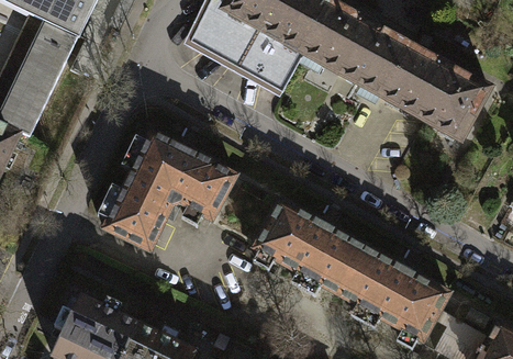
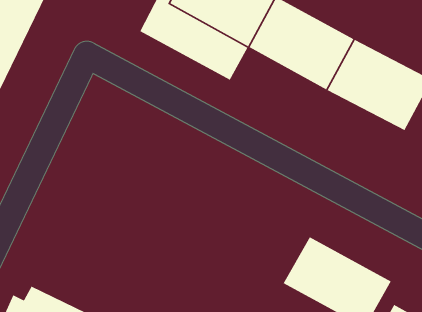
building: [102,130,236,251] -> none
building: [252,199,365,294] -> none

